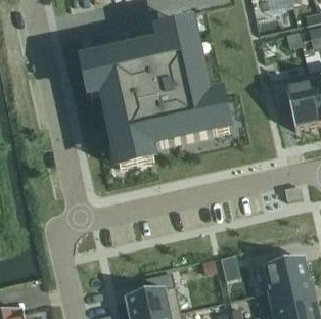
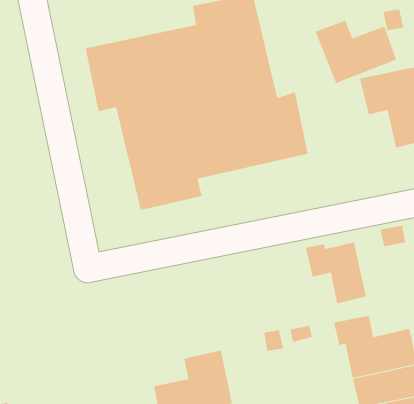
building: none -> [315,20,397,84]
building: none -> [305,242,366,304]

